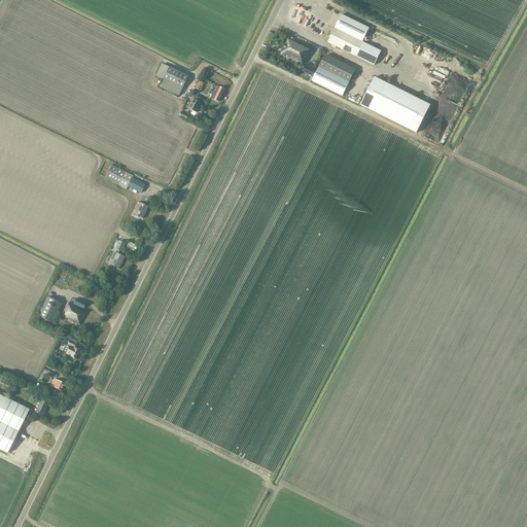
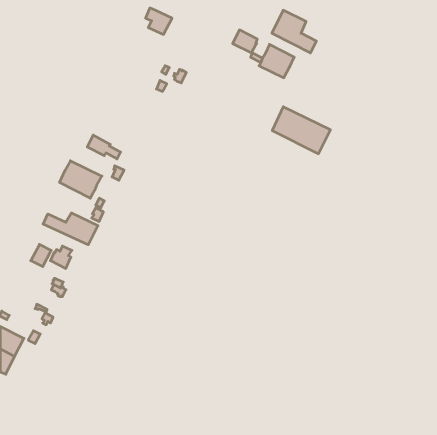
building: [156,62,188,94] -> [146,8,172,34]
building: [360,75,430,132] -> [272,107,330,154]
building: none -> [60,161,102,198]
building: none -> [43,213,98,245]

